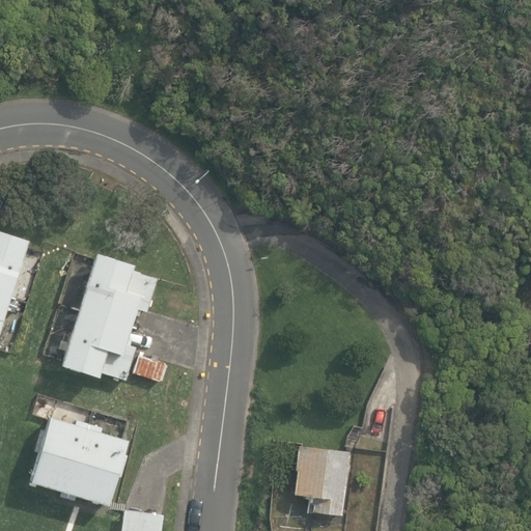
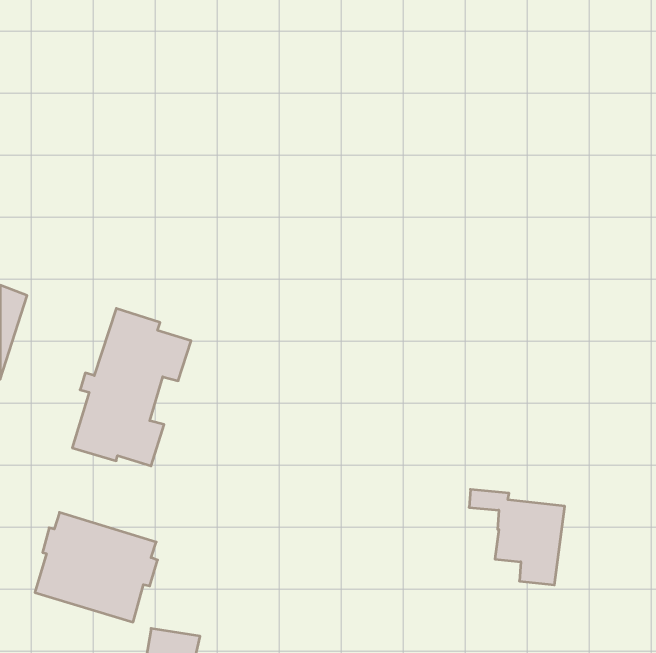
building: [272,439,348,515] -> [469,489,565,585]

